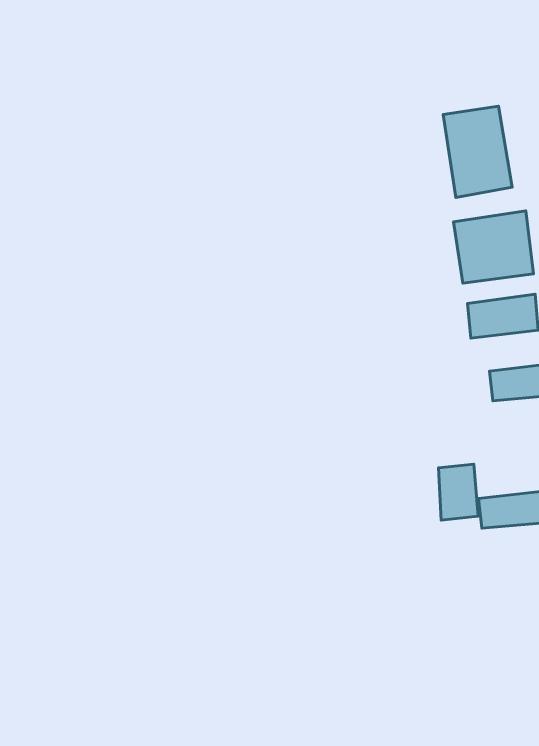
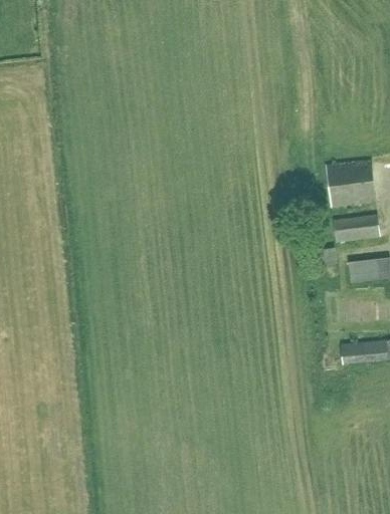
building: [443,106,512,198] -> none
building: [438,464,478,520] -> none

